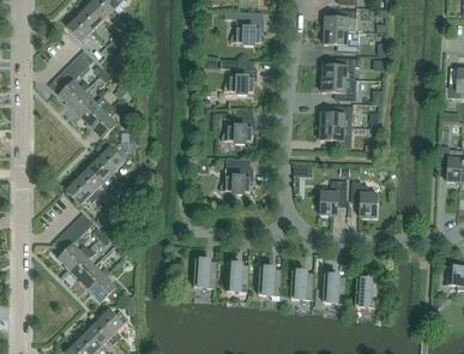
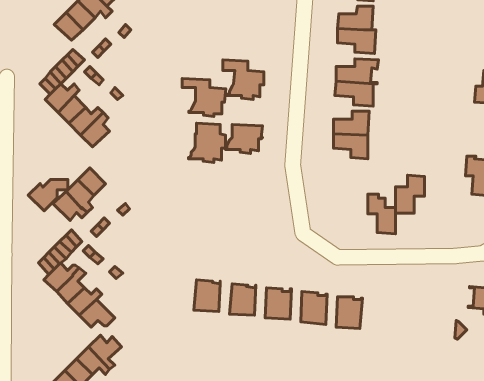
building: [224,11,264,46] -> [182,78,226,117]
building: [98,143,134,172] -> [28,179,68,211]
building: [219,158,253,194] -> [189,123,226,163]
building: [320,180,347,215] -> [396,175,425,213]
building: [355,278,379,307] -> none

